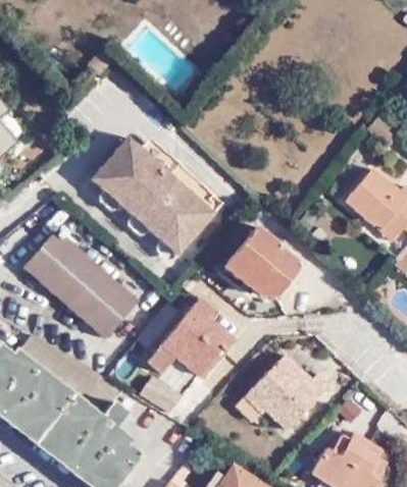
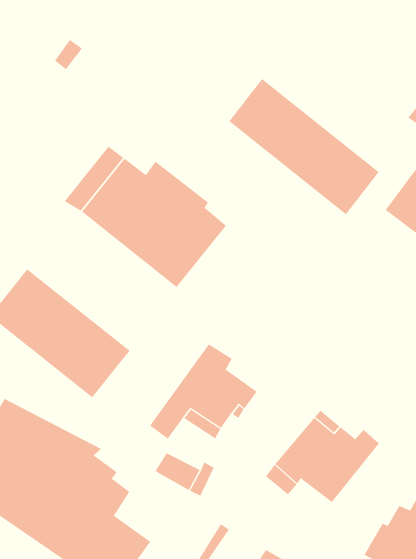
building: none -> [229,78,380,215]
building: [222,228,298,295] -> none

